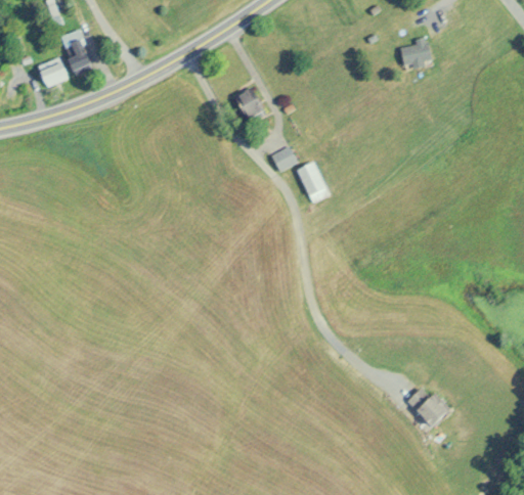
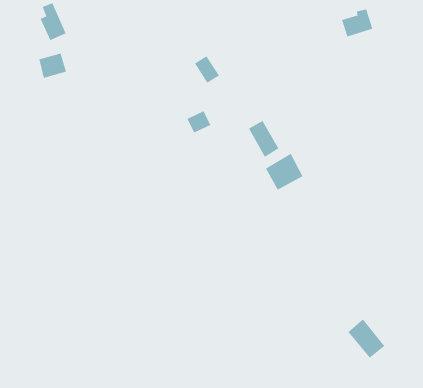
building: [36,58,68,87] -> [38,53,67,78]
building: [269,146,297,172] -> [186,110,211,133]
building: none -> [265,153,303,191]

